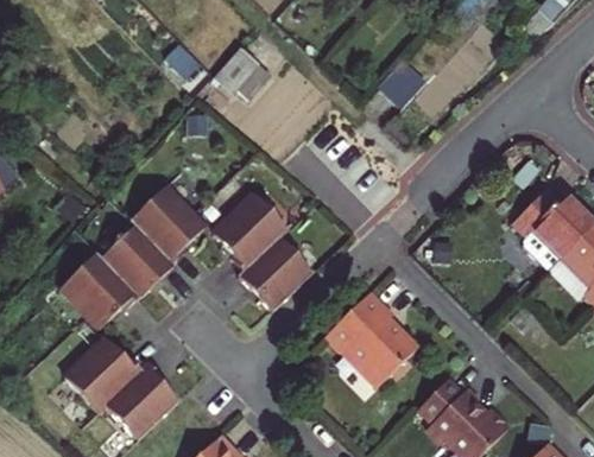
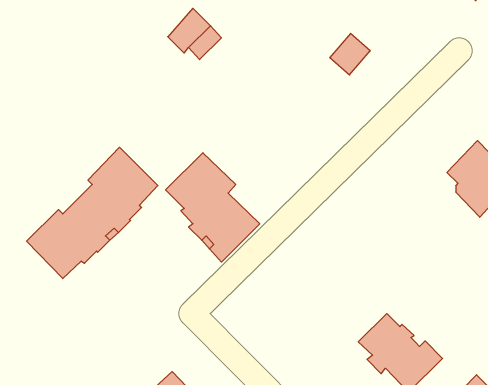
building: [326,286,417,383] -> none
building: [68,341,182,443] -> none

